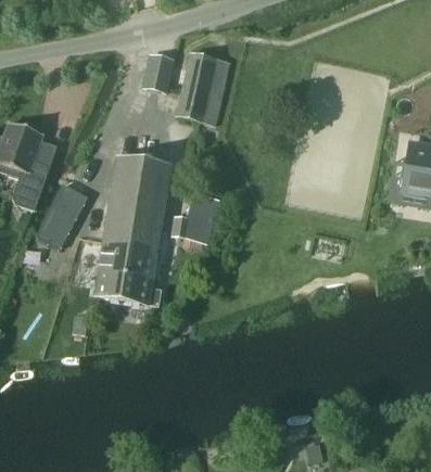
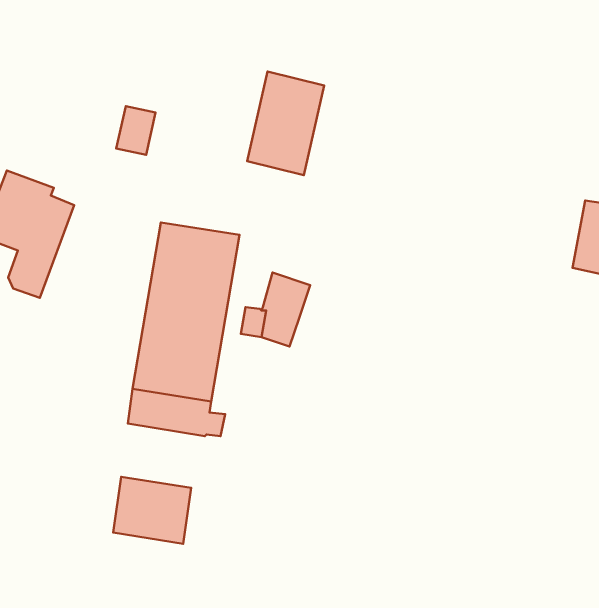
building: [144,56,172,90] -> [116,106,156,155]
building: [36,186,88,252] -> none
building: none -> [113,477,191,544]

